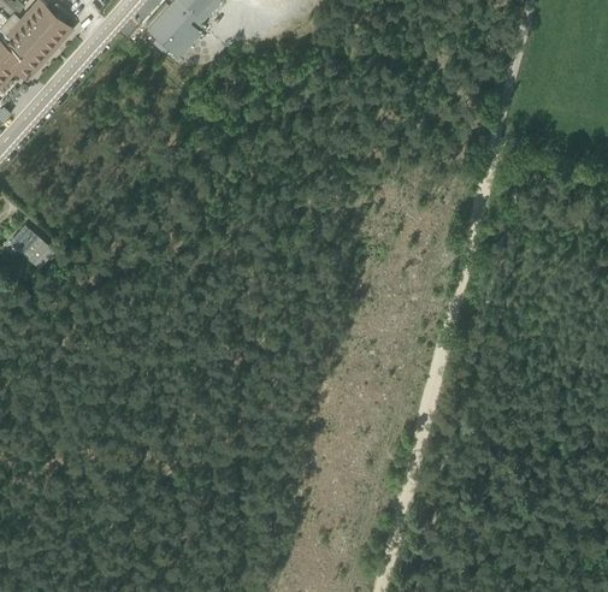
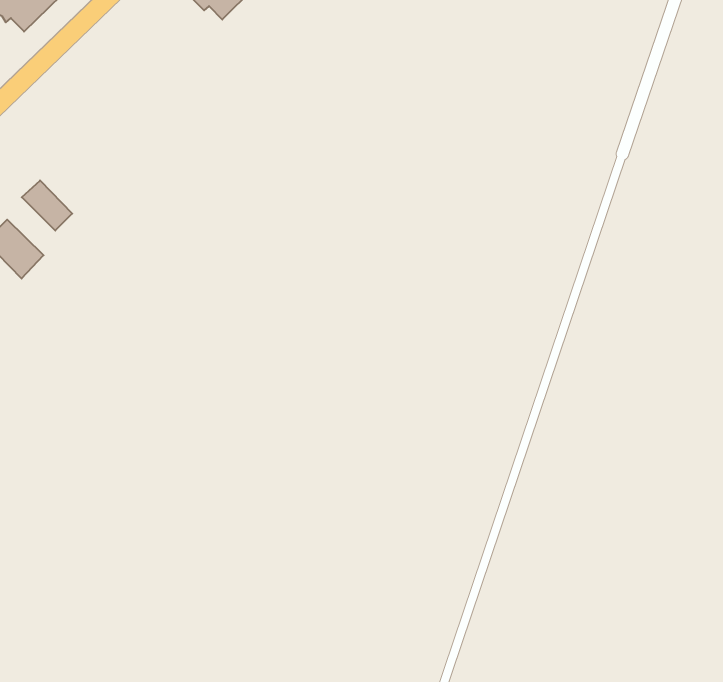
building: none -> [22,180,72,231]

